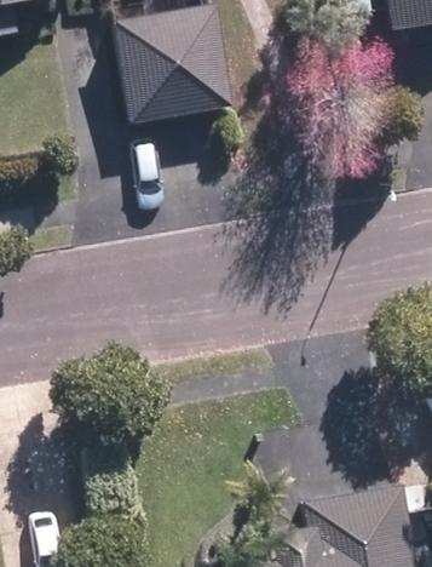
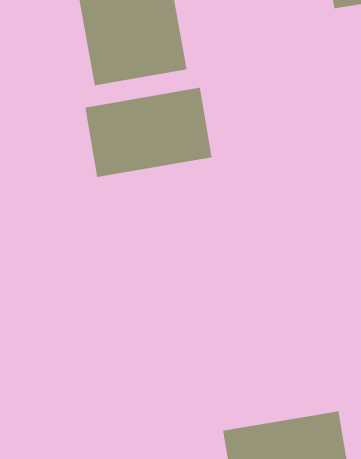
building: none -> [84,87,213,178]

